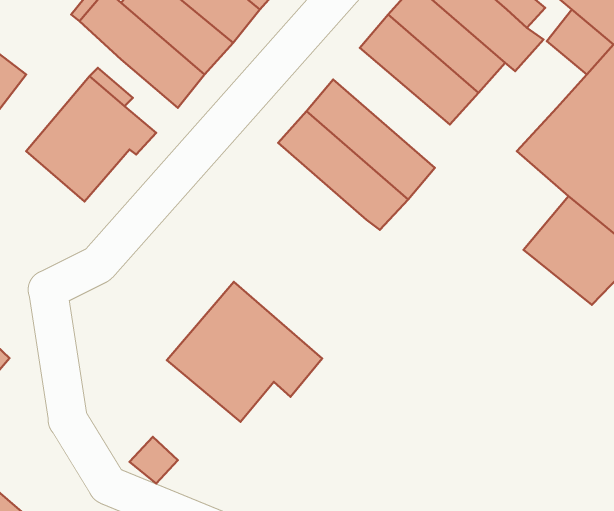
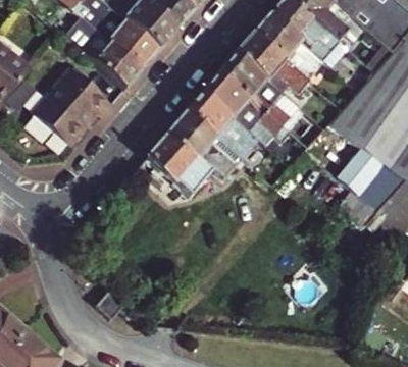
building: none -> [219,52,298,125]
building: [167,282,322,422] -> [145,110,240,196]

